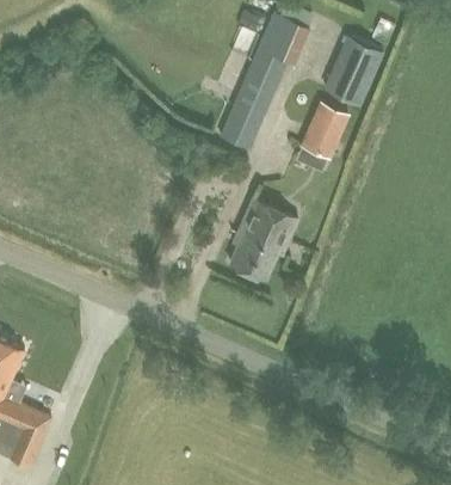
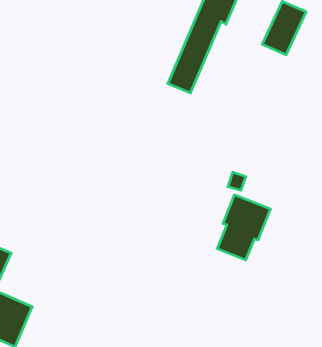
building: [298,103,348,161] -> none
building: [229,199,296,281] -> [217,195,271,260]

